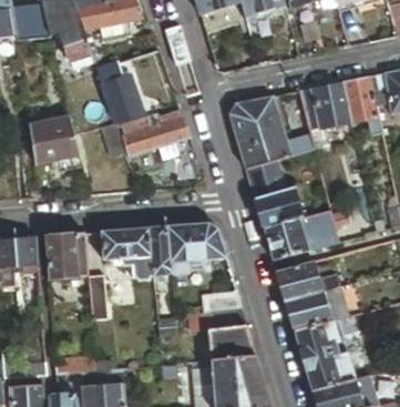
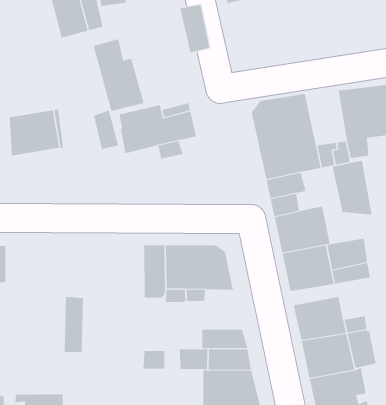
building: none -> [332,160,372,216]
building: [101,230,153,278] -> none
building: [44,235,88,281] -> none

